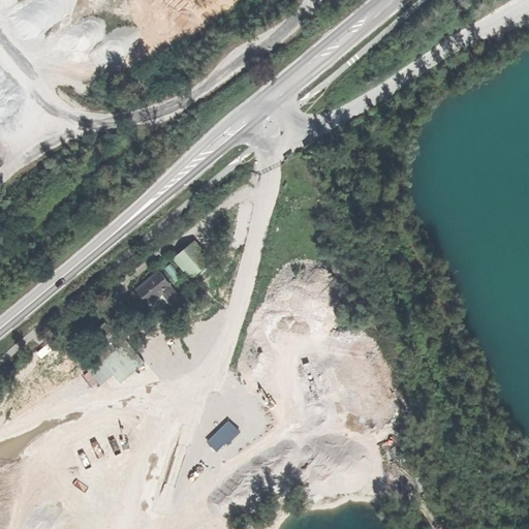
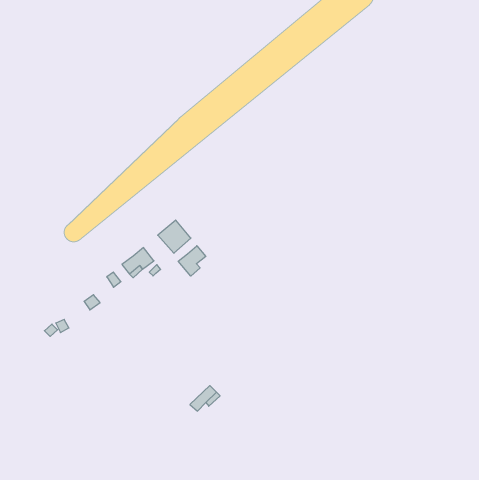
building: none -> [178,246,206,276]

